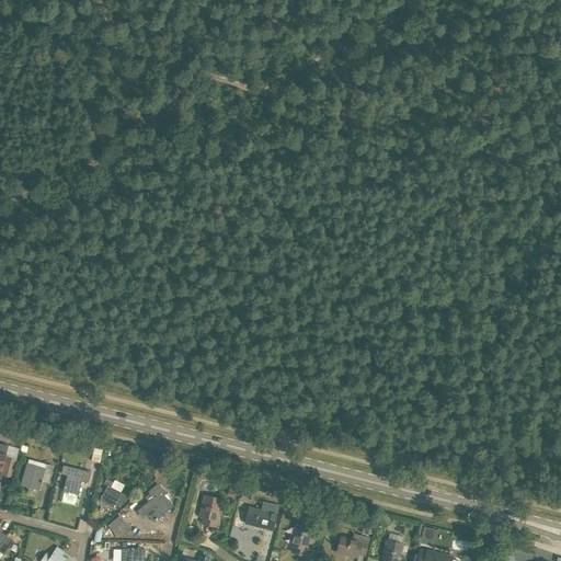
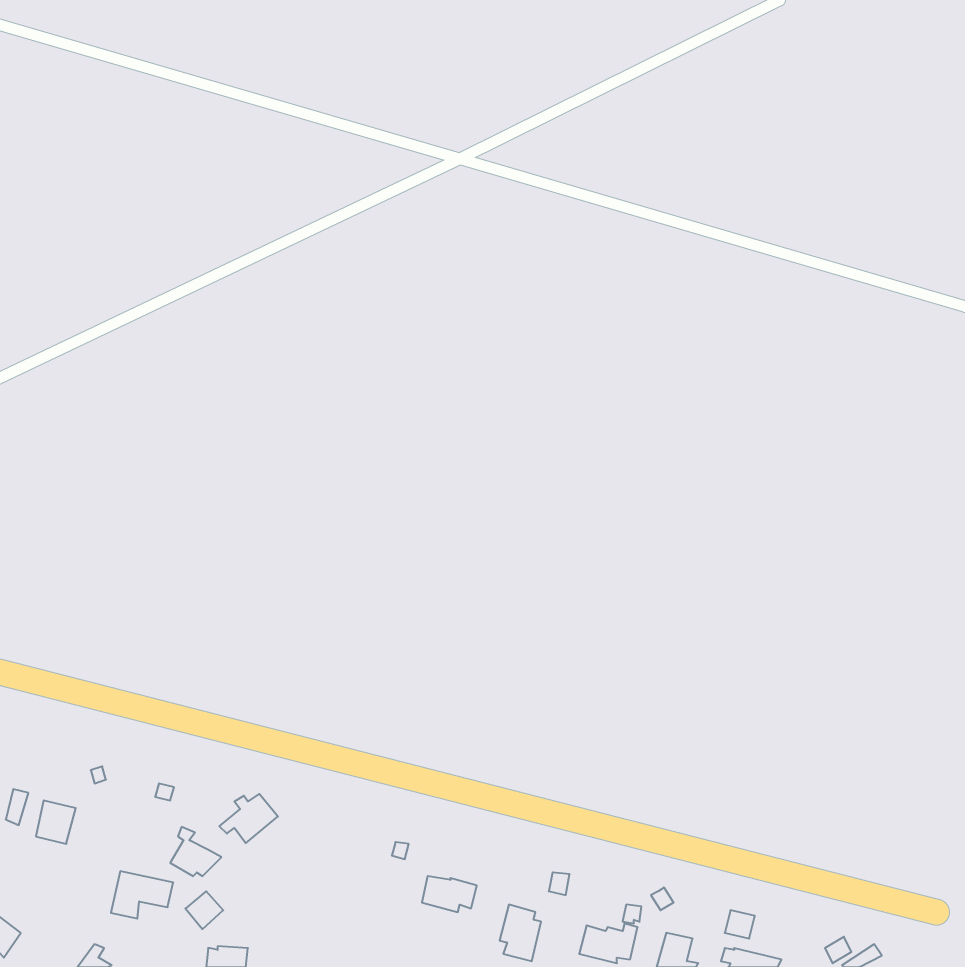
building: [62,467,99,494] -> [111,871,173,919]
building: [137,492,171,520] -> [219,794,278,843]
building: [198,494,218,528] -> none

